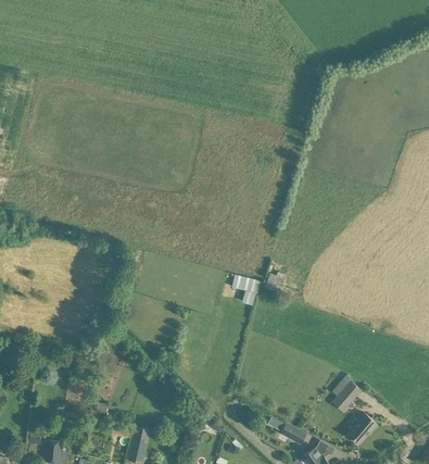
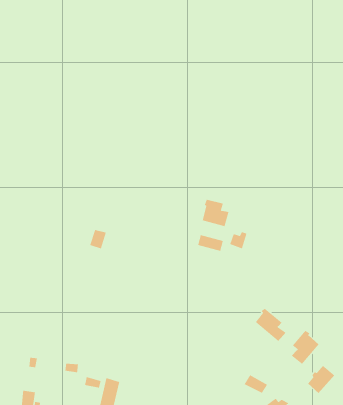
building: none -> [202,199,229,227]
building: none -> [255,308,286,342]

